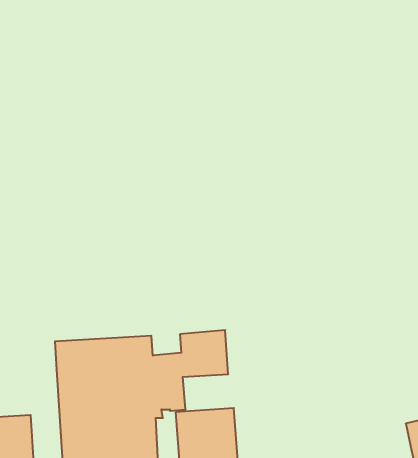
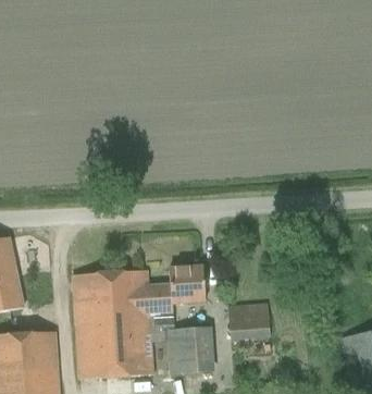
building: none -> [230,304,271,341]

